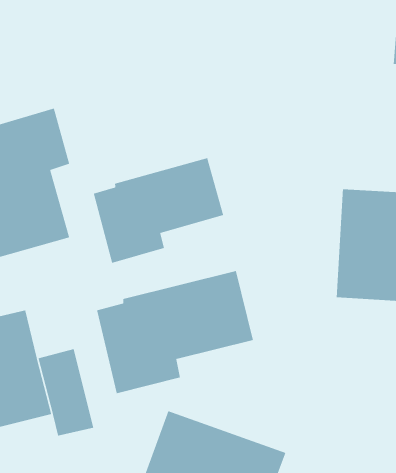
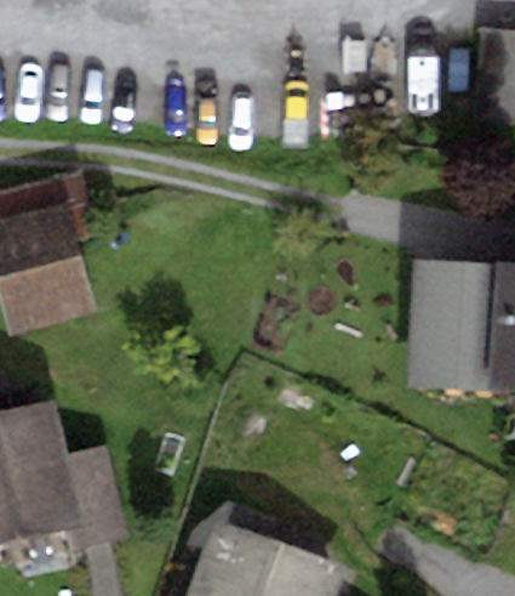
building: [93,157,224,264] -> none
building: [96,270,254,394] -> none

